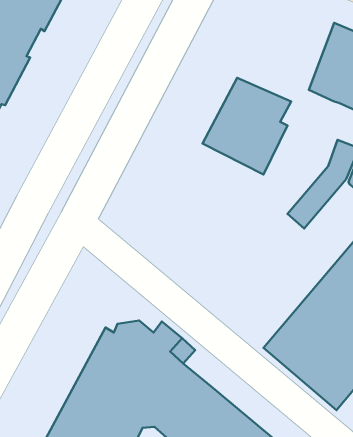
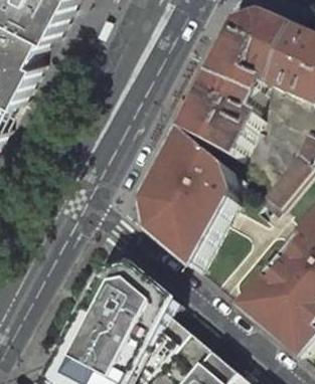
building: none -> [213,15,295,94]
building: none -> [146,130,237,268]

